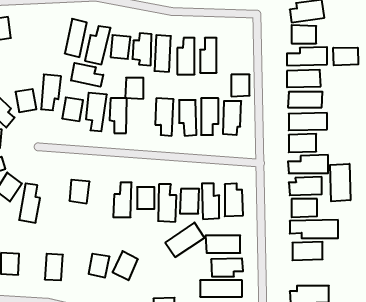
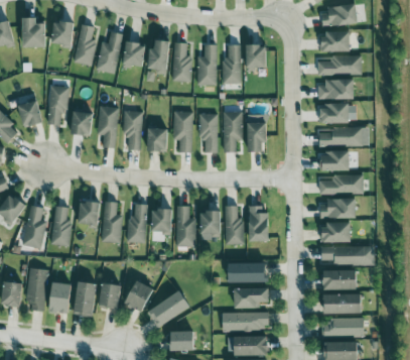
building: none -> [22,16,45,46]
building: none -> [51,20,74,48]
building: [333,48,358,65] -> none
building: [71,63,103,87] -> none
building: [231,75,250,96] -> [246,44,266,69]
building: [125,78,143,99] -> [147,128,167,151]
building: [330,164,350,201] -> none
building: none -> [102,201,121,242]
building: none -> [51,206,71,245]
building: [165,222,205,257] -> [147,289,190,328]
building: none -> [26,268,46,311]
building: none -> [73,280,97,317]
building: none -> [323,293,362,313]

